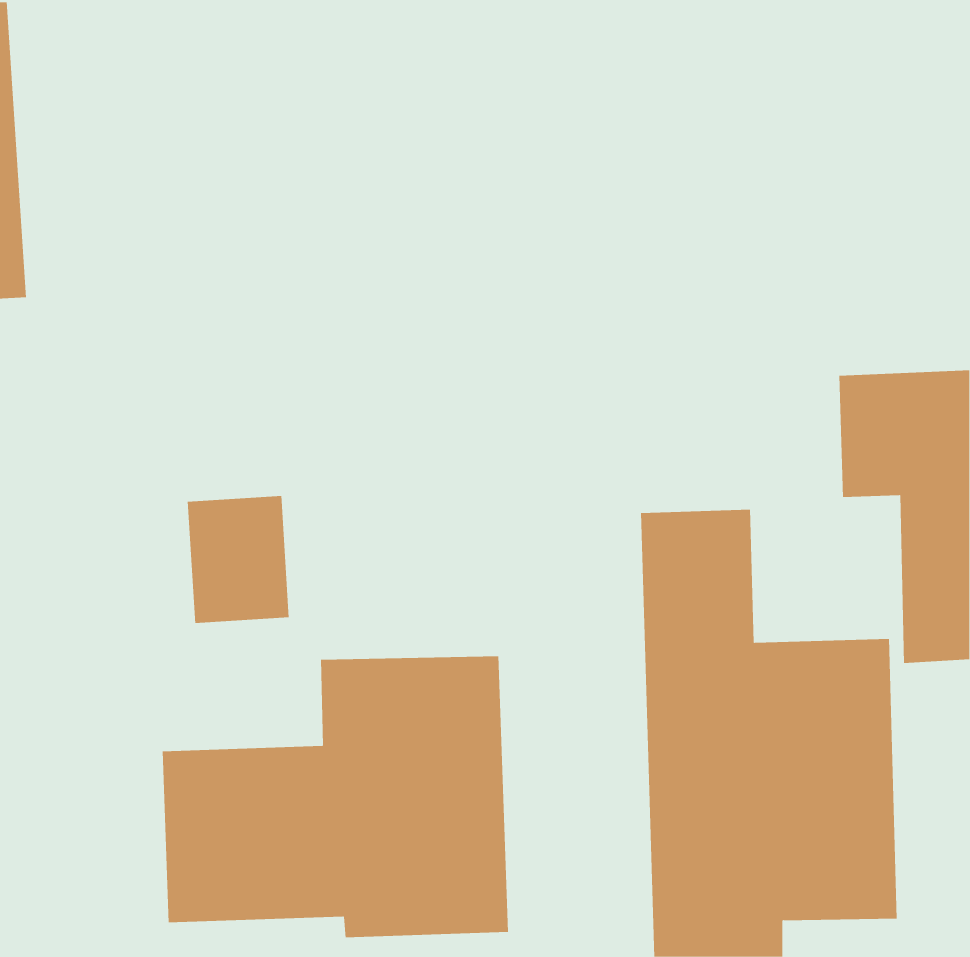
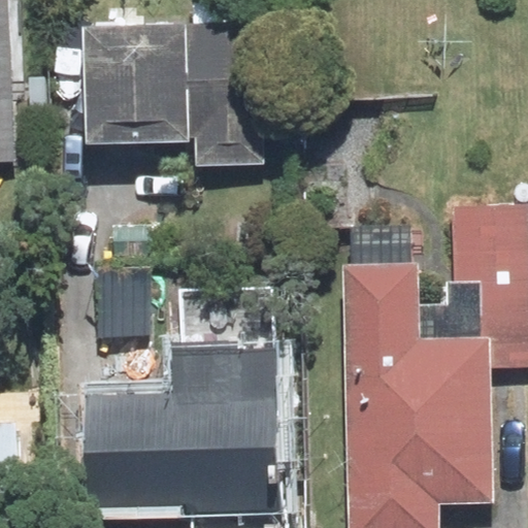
building: none -> [80,30,253,162]

